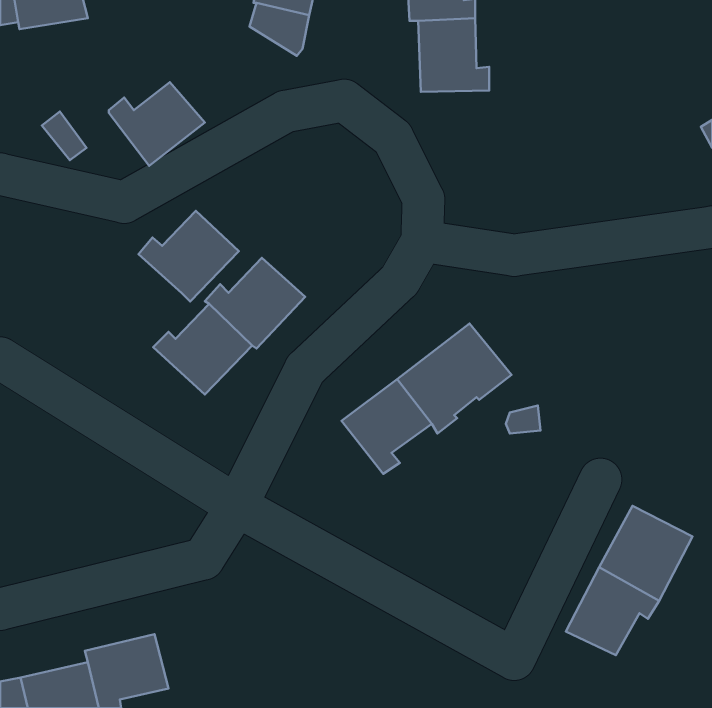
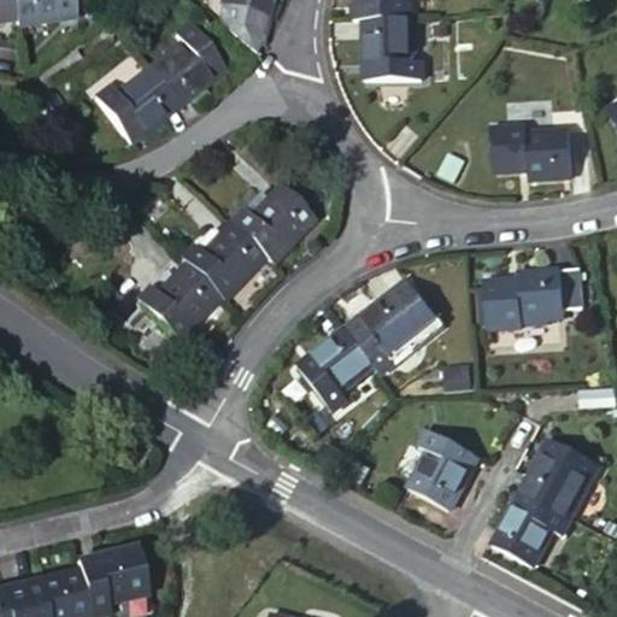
building: none -> [147,23,224,106]
building: none -> [490,124,572,178]
building: [139,211,239,301] -> [227,186,313,264]
building: none -> [481,266,563,329]
building: none -> [405,429,480,511]

